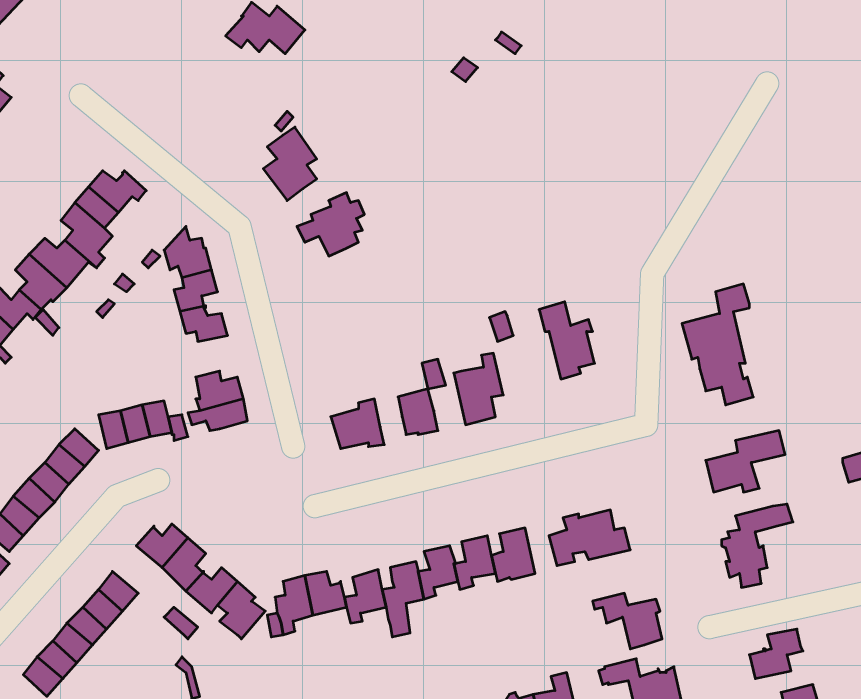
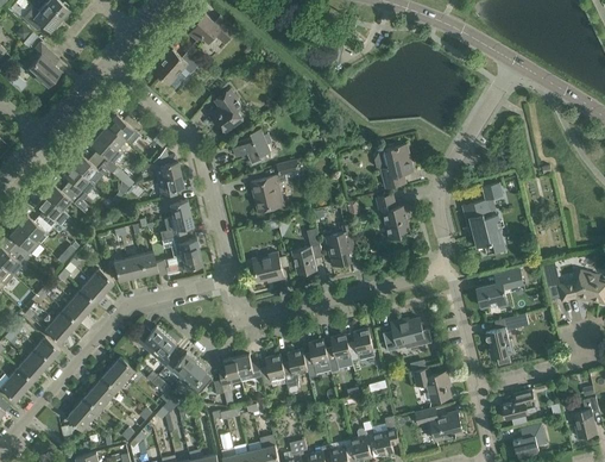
building: none -> [153,50,201,85]
building: none -> [377,144,414,187]
building: none -> [251,160,300,212]
building: none -> [159,213,193,241]

